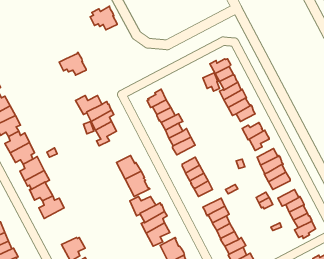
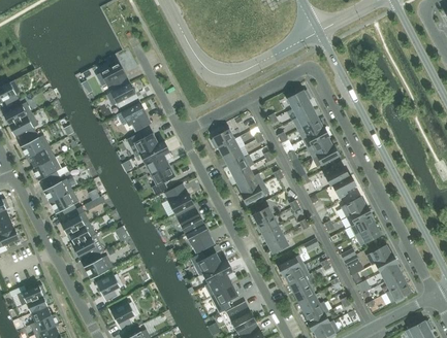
building: [90,6,117,30] -> [97,63,129,91]
building: none -> [118,103,151,131]
building: none -> [165,184,194,213]
building: none -> [96,273,123,302]

